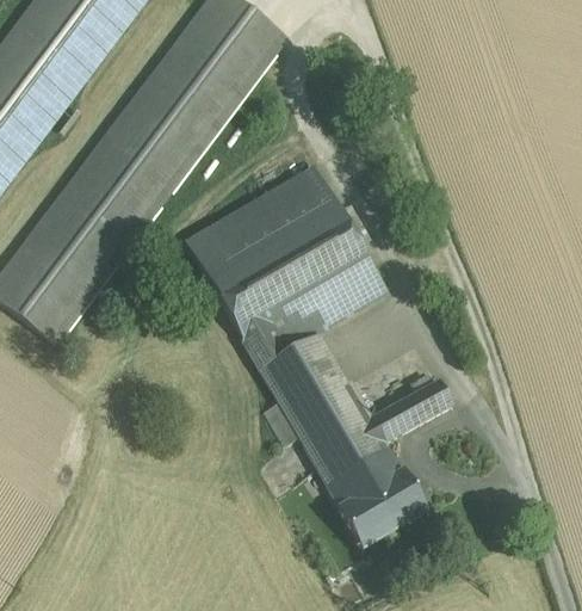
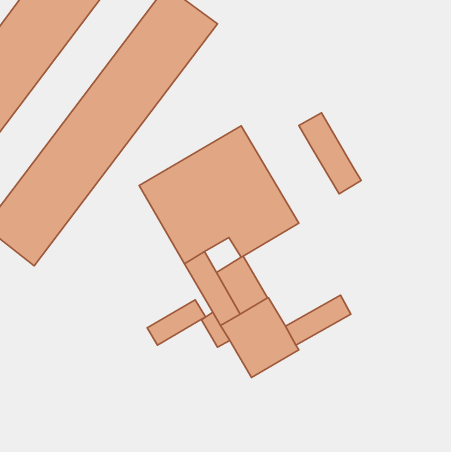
building: none -> [299,113,361,194]
building: [267,306,314,350] -> none
building: none -> [147,300,206,345]
building: [327,448,427,549] -> none

